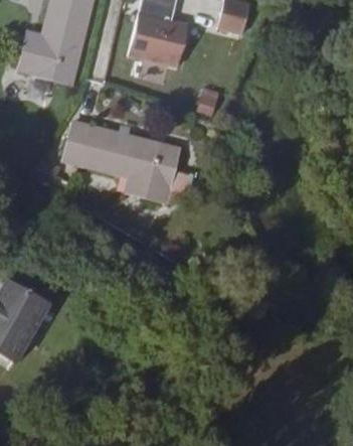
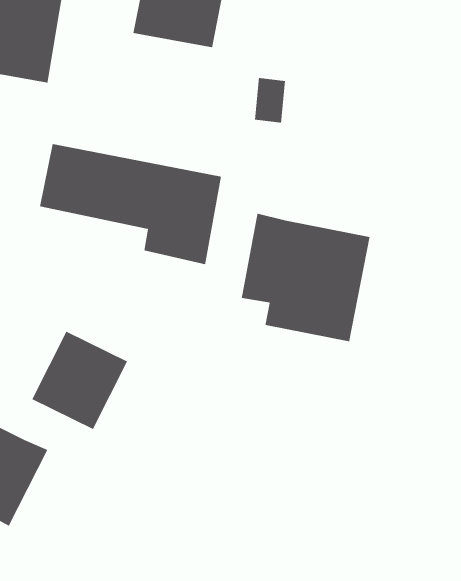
building: none -> [241,213,370,342]
building: none -> [31,331,128,430]

